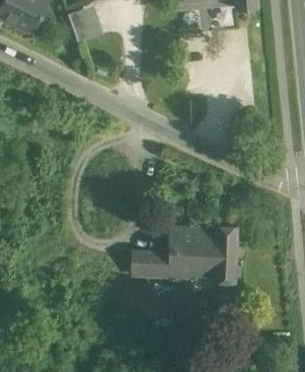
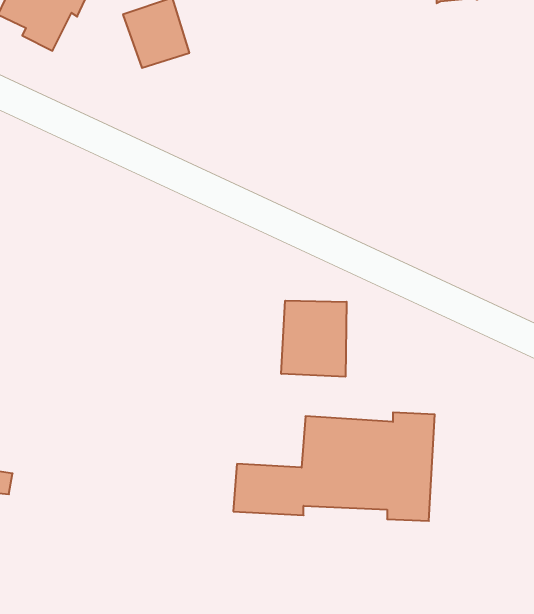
building: none -> [281,301,347,377]

